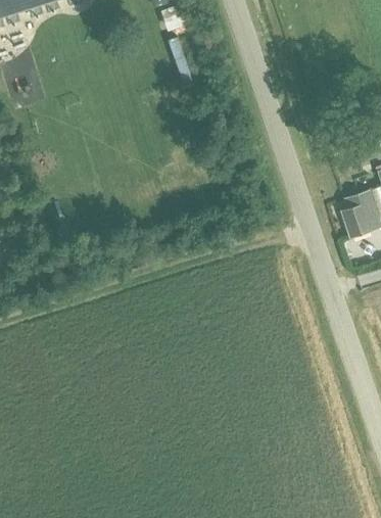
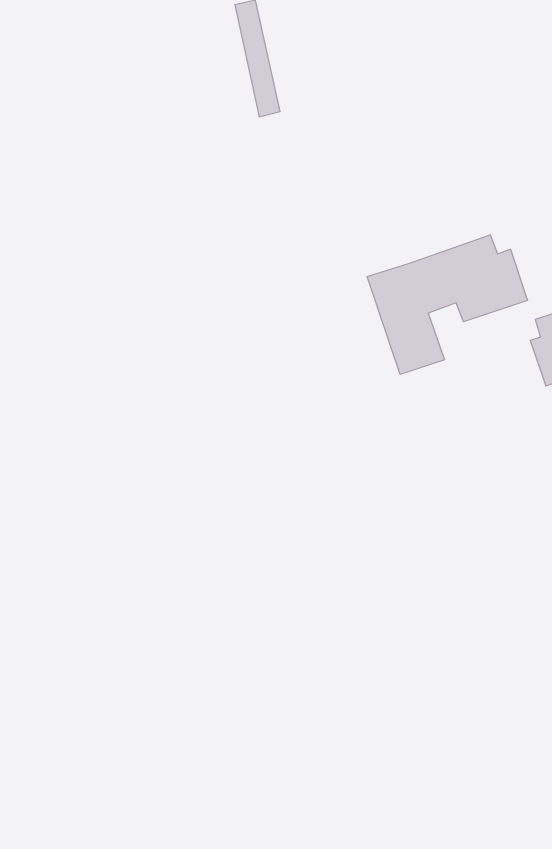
building: none -> [367,235,528,374]

